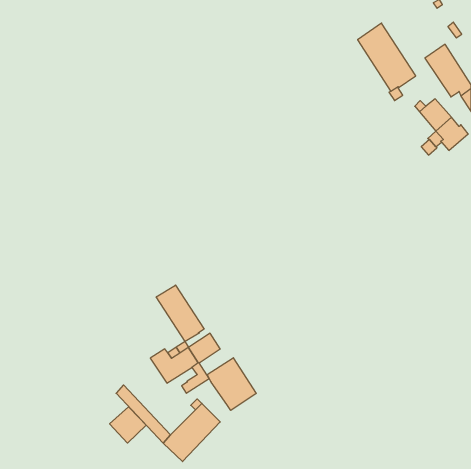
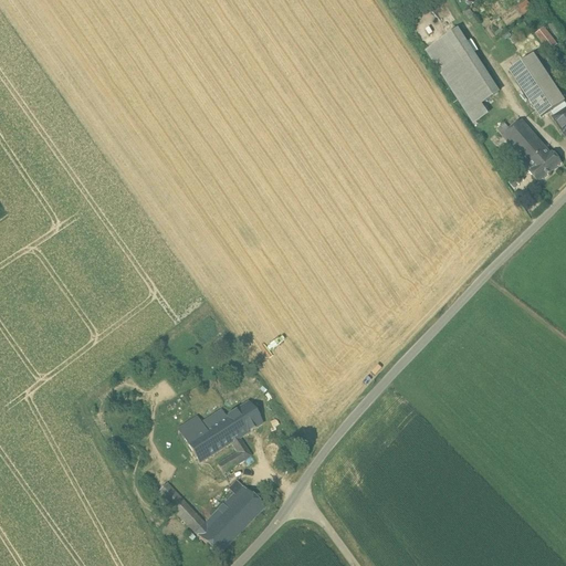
building: [156,285,204,342] -> none
building: [207,358,256,410] -> none
building: [110,407,146,443] -> none

